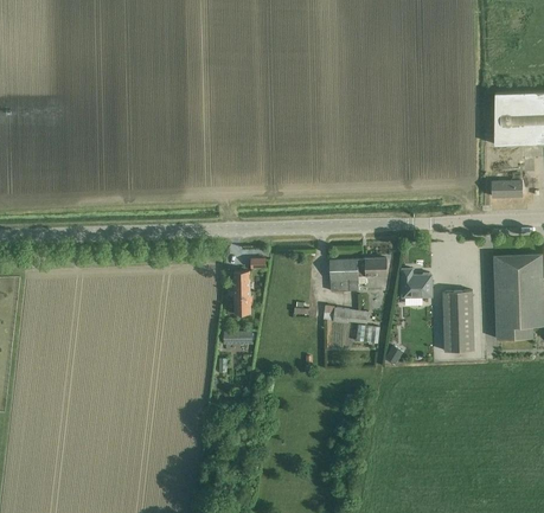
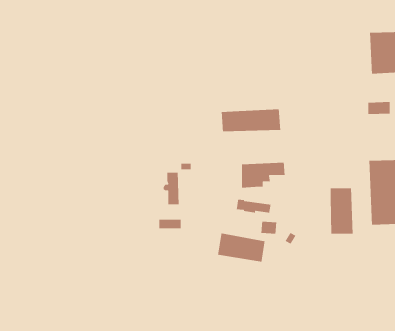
building: none -> [221,109,281,132]
building: [402,268,431,296] -> none
building: none -> [217,232,266,263]

